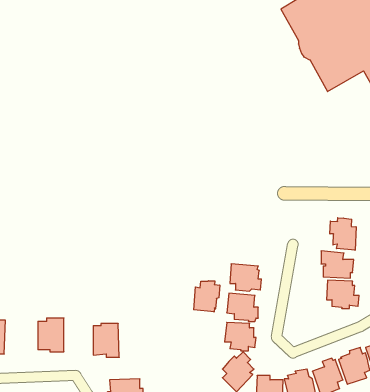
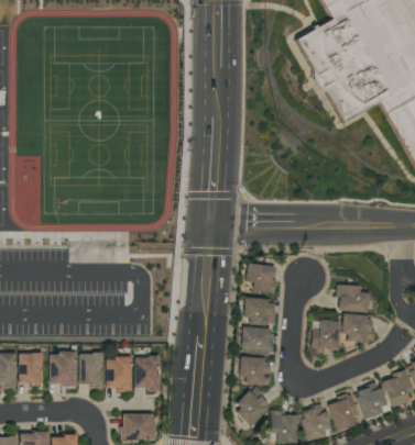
building: [330,218,356,250] -> none
building: none -> [245,263,277,293]
building: [194,281,220,312] -> none
building: none -> [312,319,340,353]
building: none -> [19,353,42,383]
building: none -> [79,353,102,385]
building: none -> [134,356,160,391]

